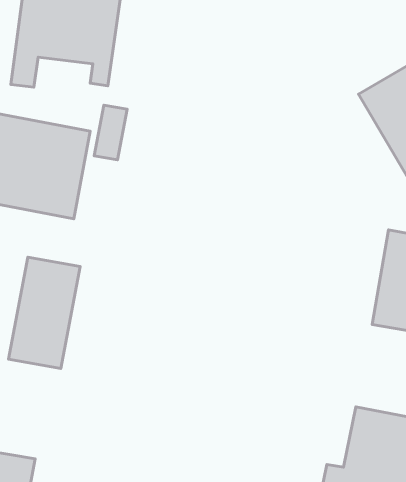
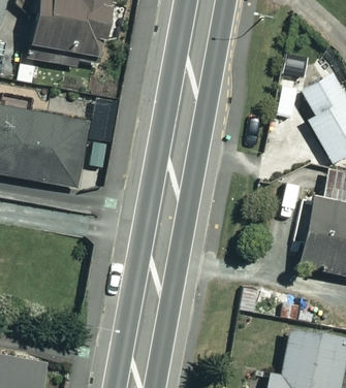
building: [9,257,80,369] -> none

